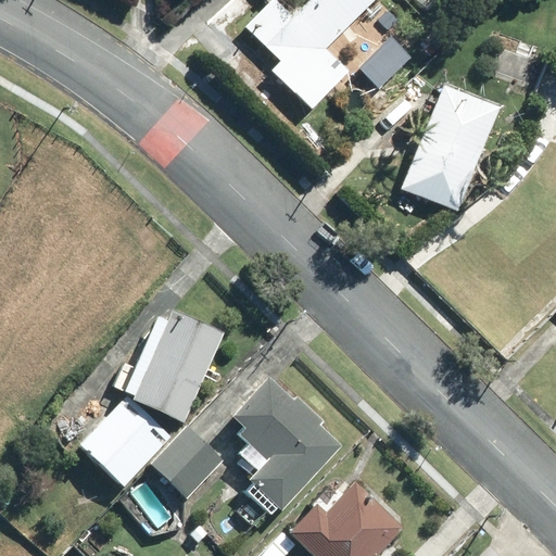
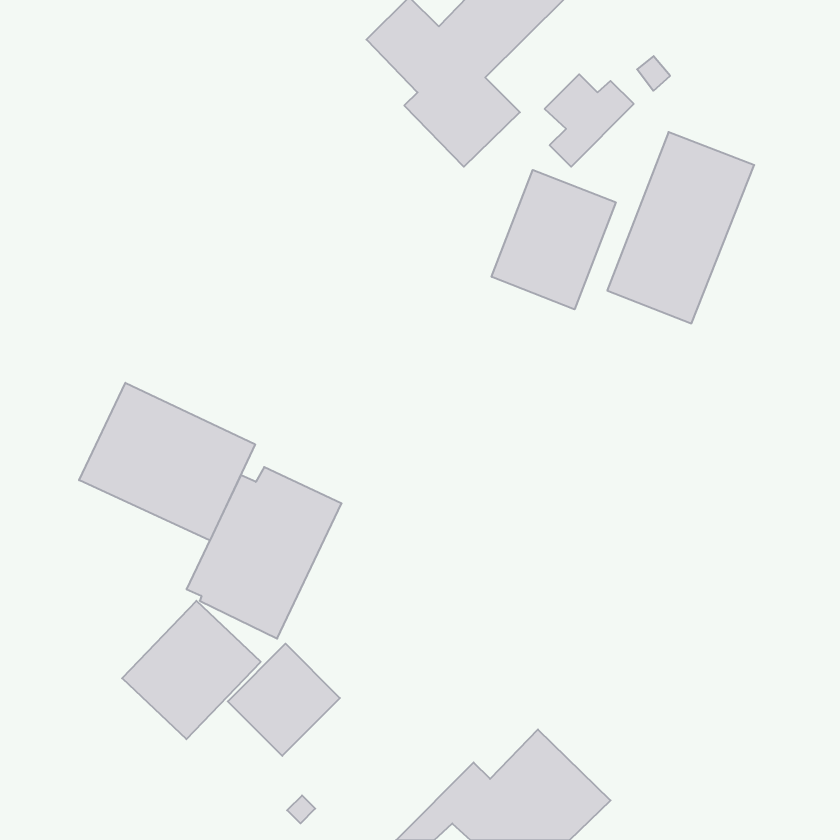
building: none -> [492,170,616,309]
building: none -> [79,383,255,540]
building: [231,378,343,514] -> none

